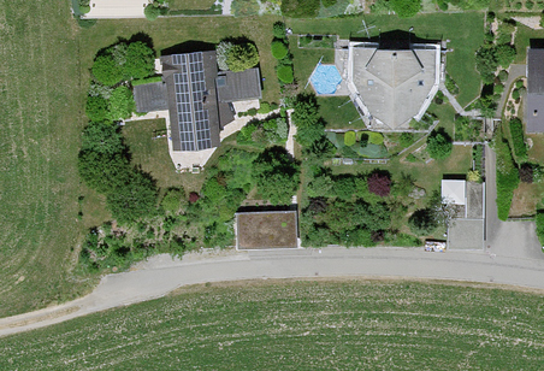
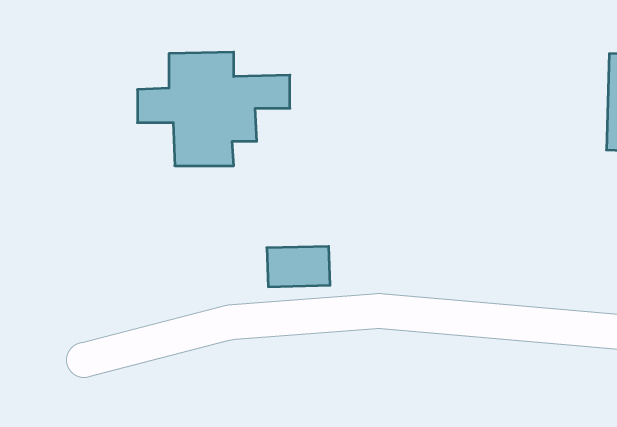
building: [365,47,448,130] -> none

